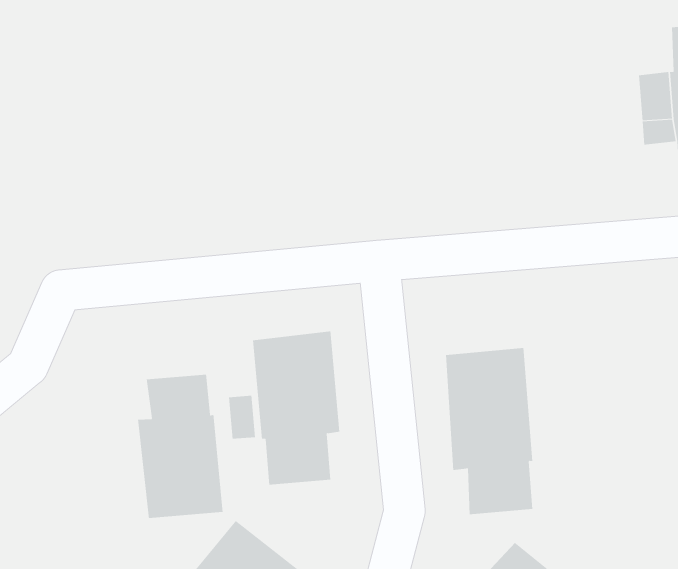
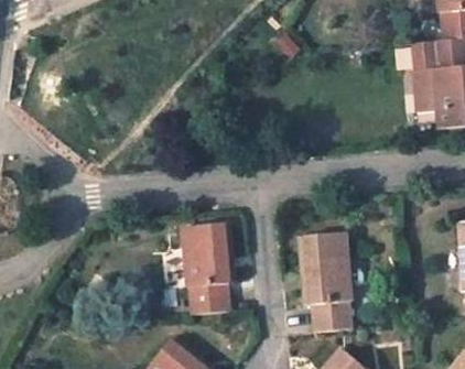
building: [138,374,223,519] -> none

